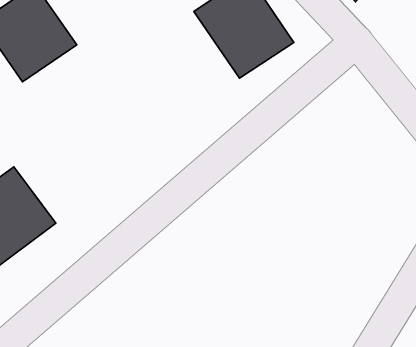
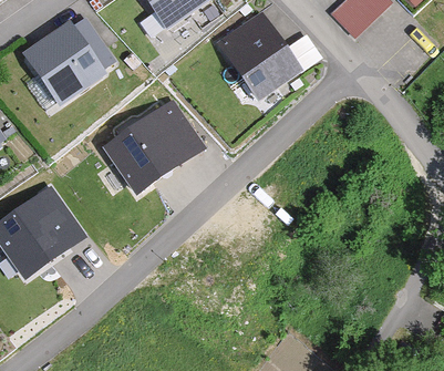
building: none -> [103,97,208,195]

